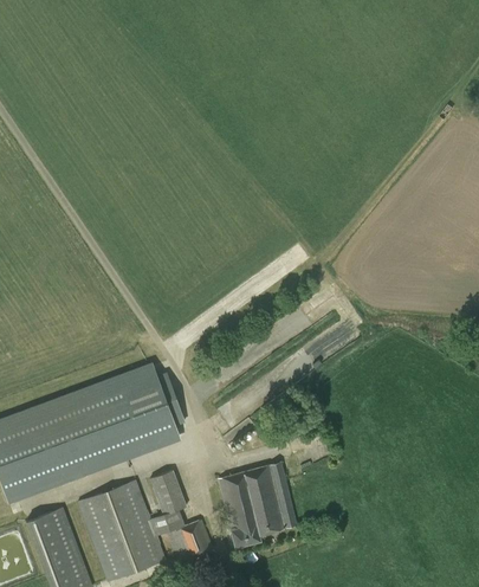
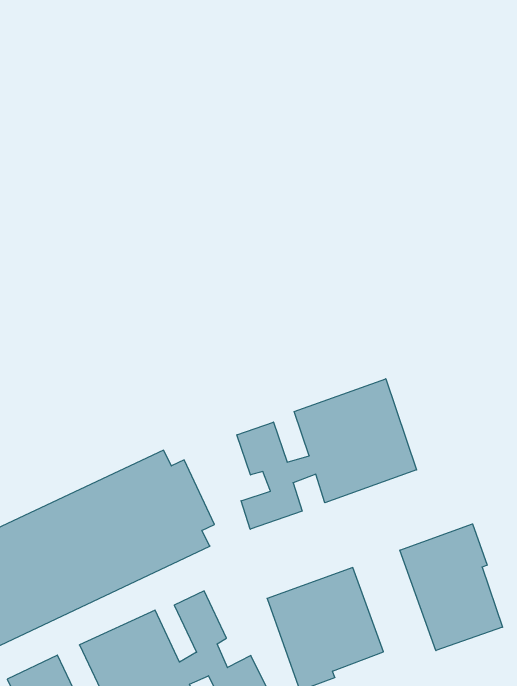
building: none -> [237,379,417,529]
building: none -> [400,524,503,651]

